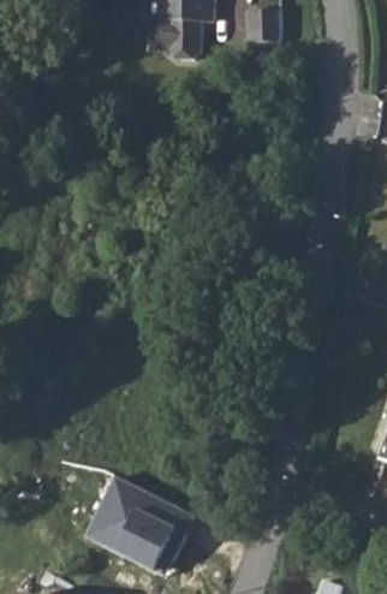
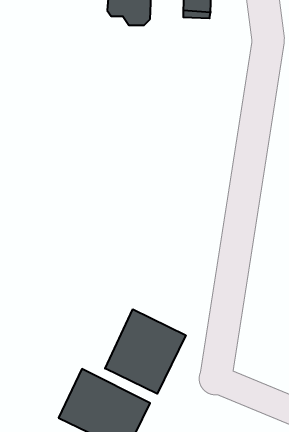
building: none -> [105,309,186,394]

